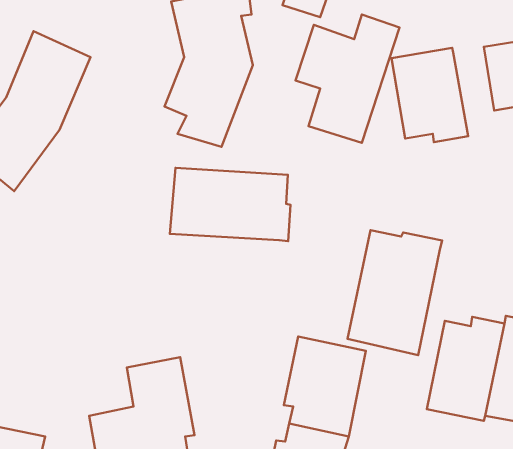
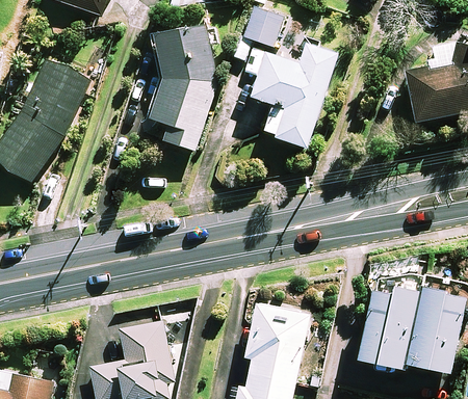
building: [392,48,468,142] -> none
building: [170,168,290,241] -> none
building: [348,230,442,355] -> none

